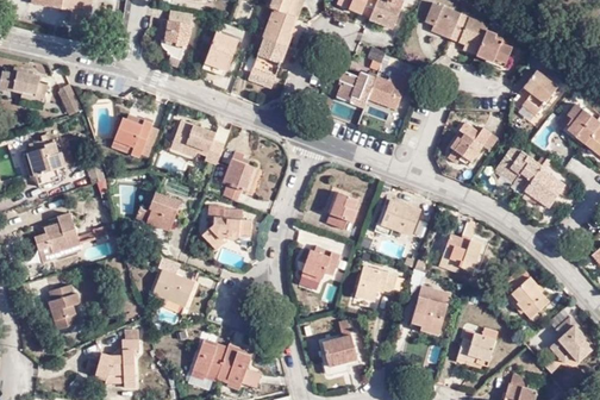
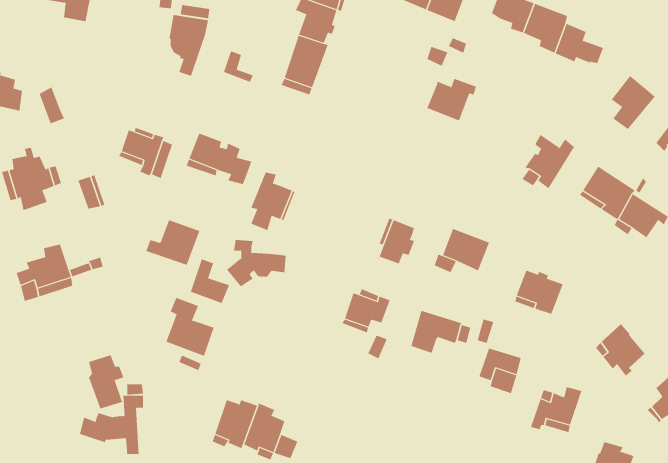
building: [207,33,237,71] -> none
building: [338,71,377,105] -> none
building: none -> [190,259,230,304]
building: [46,282,76,327] -> [88,354,124,409]
building: [324,319,357,368] -> none

